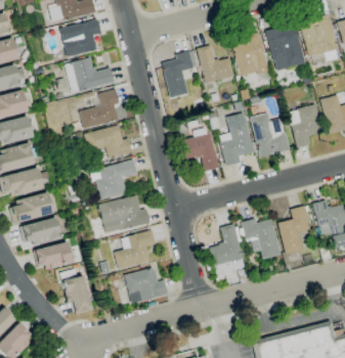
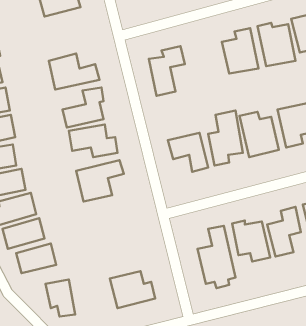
building: [60,18,100,56] -> none
building: [197,44,233,83] -> none
building: [98,196,149,231] -> none
building: [114,230,155,268] -> none

